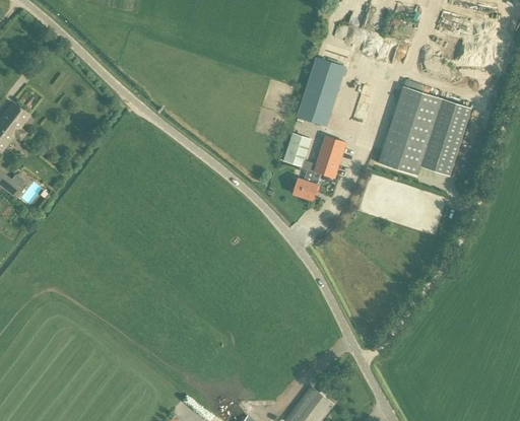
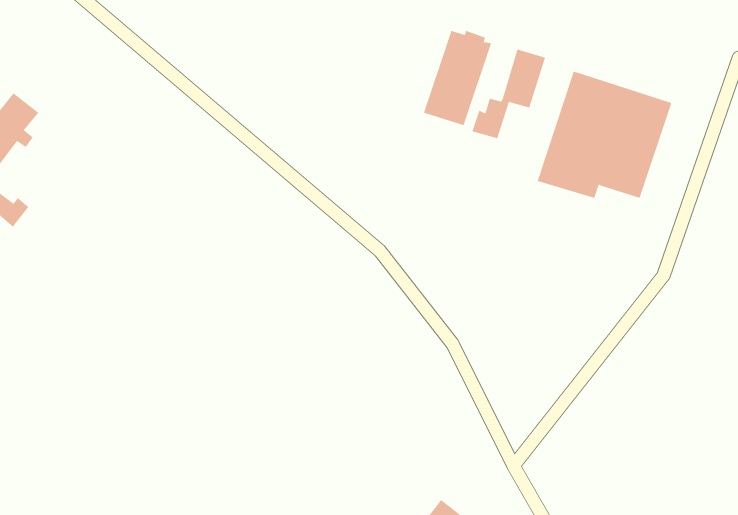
building: [283,133,311,166] -> none
building: [294,136,345,199] -> [472,49,546,139]

